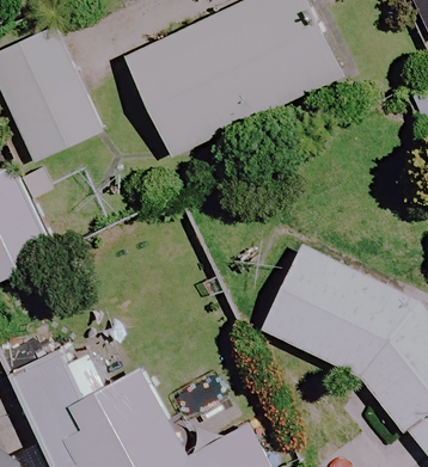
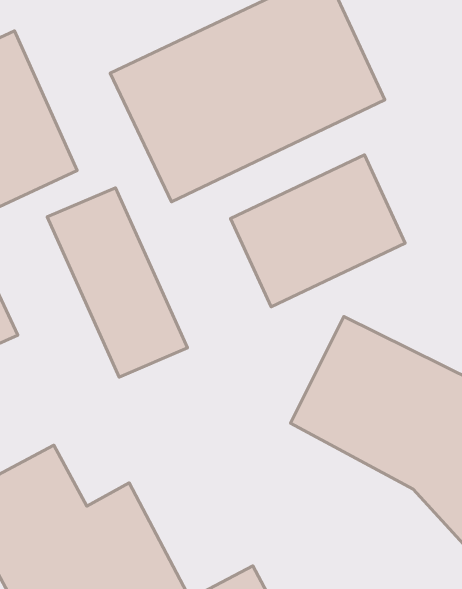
building: none -> [230,155,405,307]
building: none -> [47,188,187,377]

